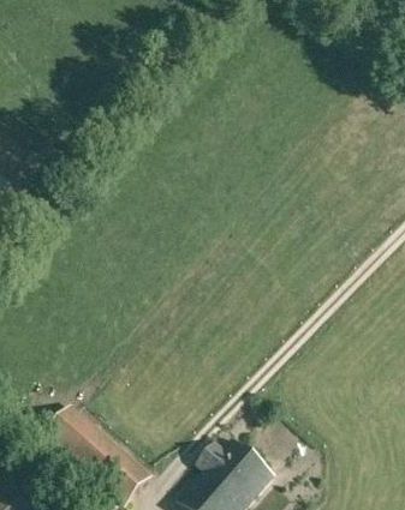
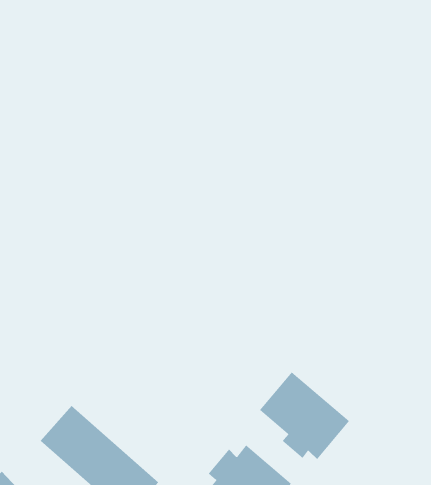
building: none -> [259,371,350,460]

